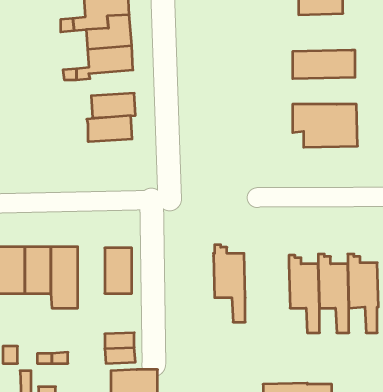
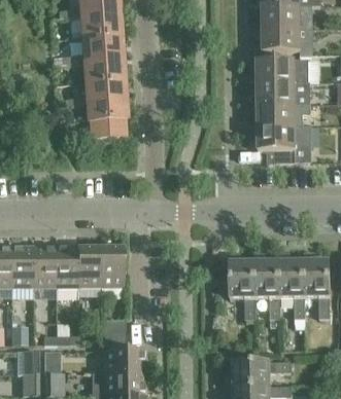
building: none -> [257,59,319,82]
building: none -> [258,104,310,126]
building: [87,116,132,141] -> [87,98,125,119]
building: [213,245,245,322] -> [229,253,255,318]
building: none -> [77,247,100,285]

